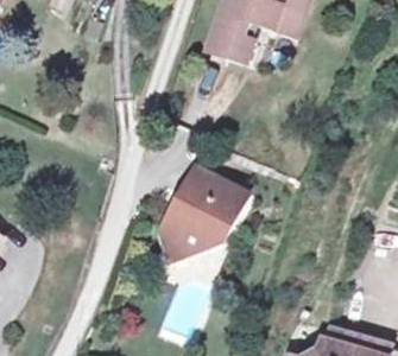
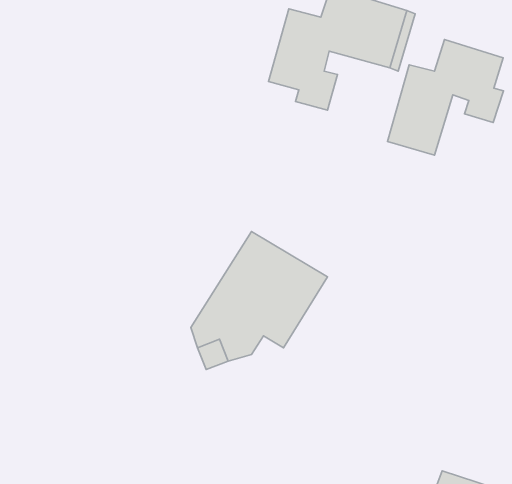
building: none -> [388,40,503,155]

